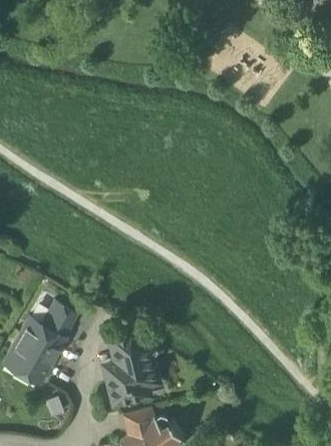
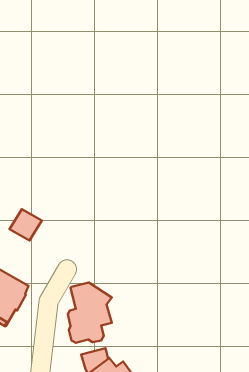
building: [41,301,78,337] -> [9,209,42,241]

